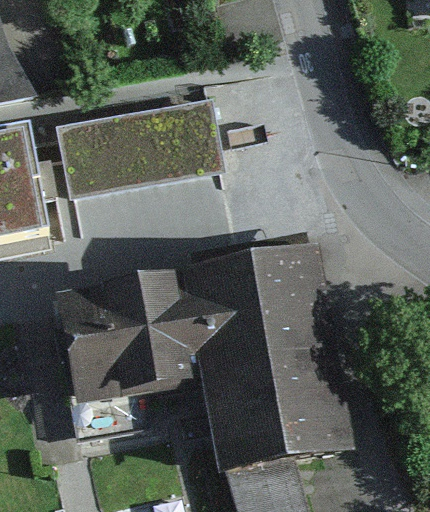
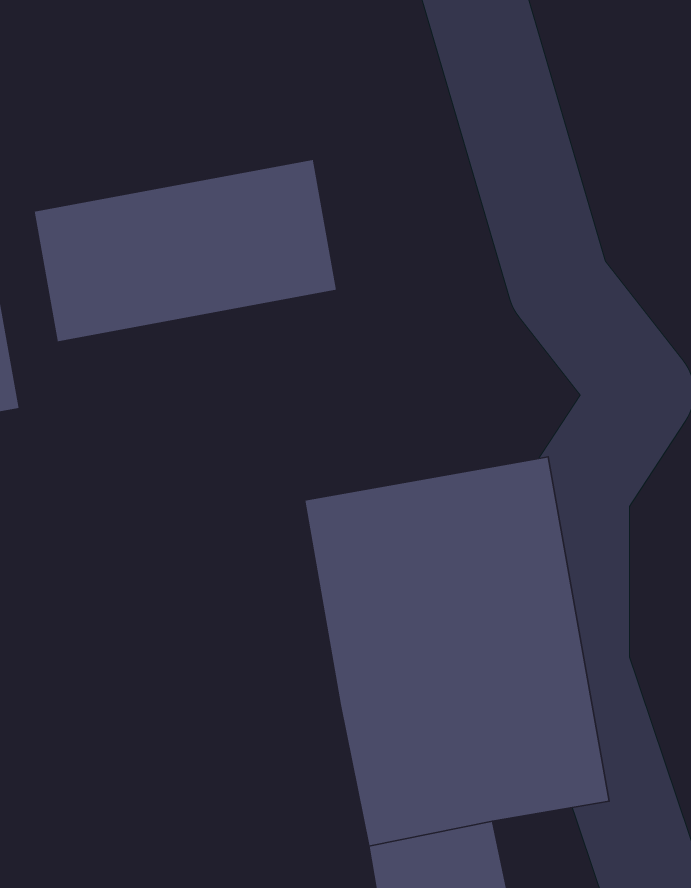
building: [77,284,211,414] -> none

